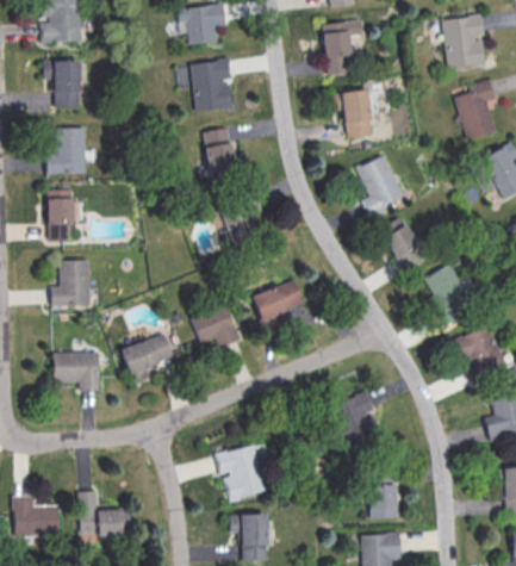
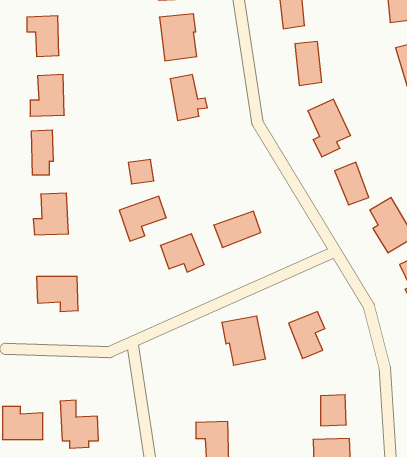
building: [224,210,253,237] -> [128,159,154,184]
building: [122,334,174,384] -> [119,196,166,241]
building: [217,446,266,500] -> [222,316,266,365]

